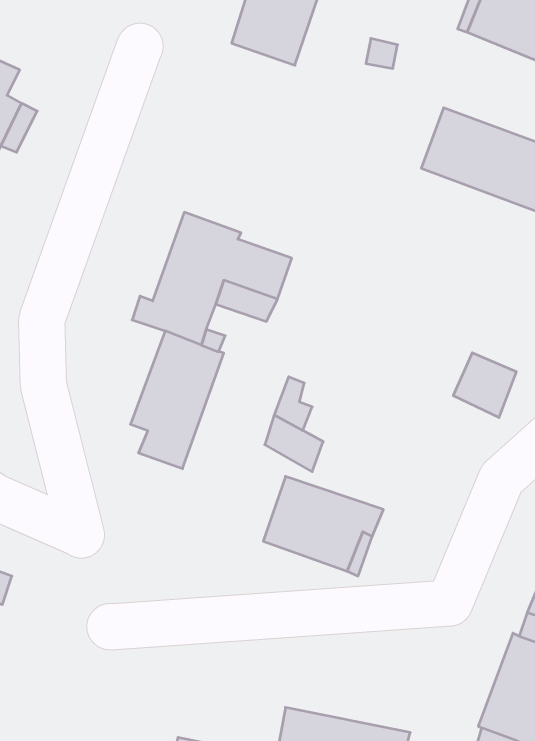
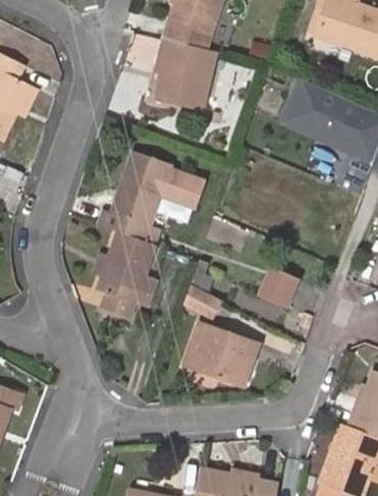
building: none -> [148,44,213,120]
building: [453,353,516,418] -> [259,268,300,310]

